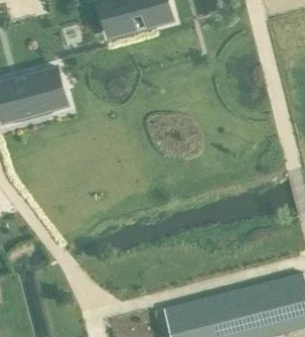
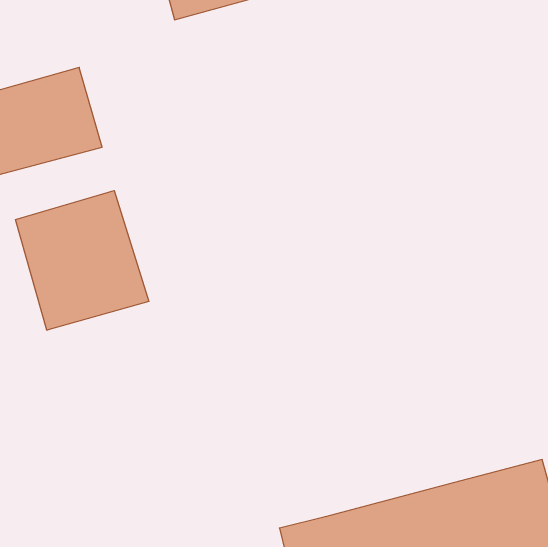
building: none -> [16,191,149,330]

